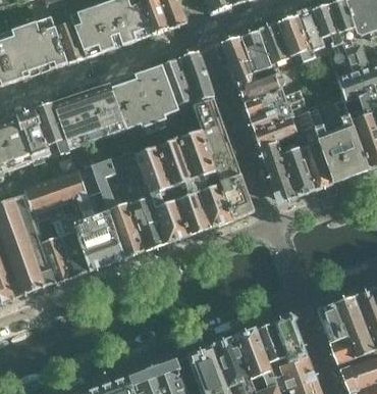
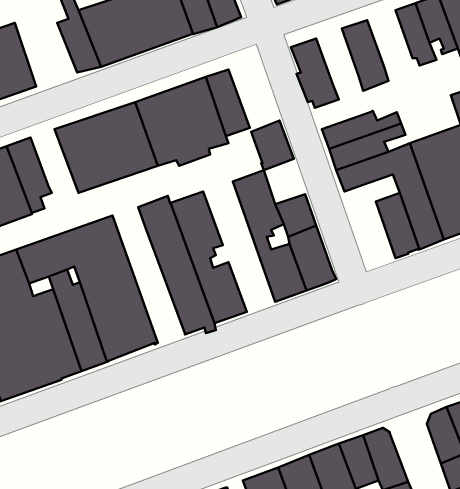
building: [277,15,315,61] -> none
building: [23,16,68,71] -> none
building: [240,30,271,70] -> none
building: [177,51,214,104] -> none
building: [239,72,282,102] -> none
building: [35,102,69,151] -> none
building: [203,124,232,156] -> none
building: [159,140,211,234] -> none
building: [261,141,298,201] -> none
building: [94,158,146,256] -> none

